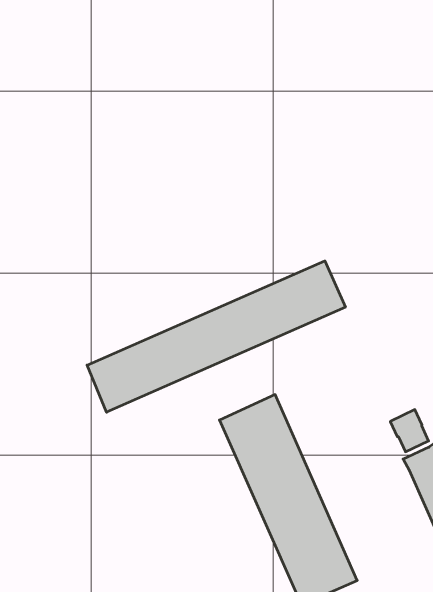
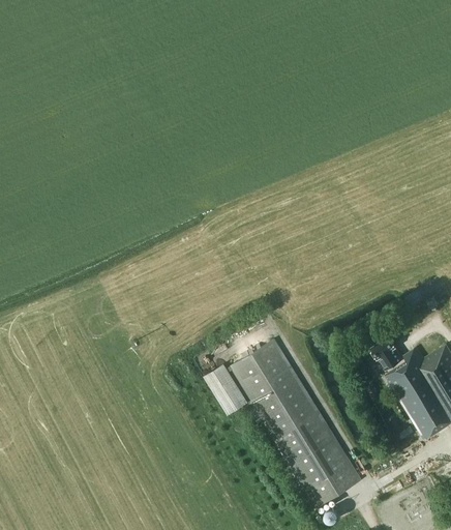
building: [87,261,345,412] -> none
building: none -> [206,364,247,413]

